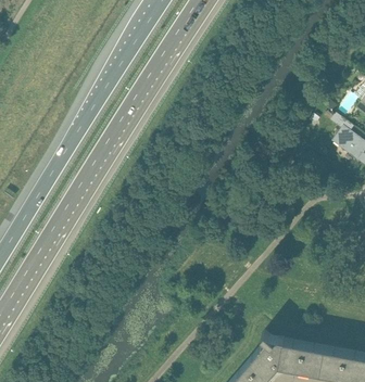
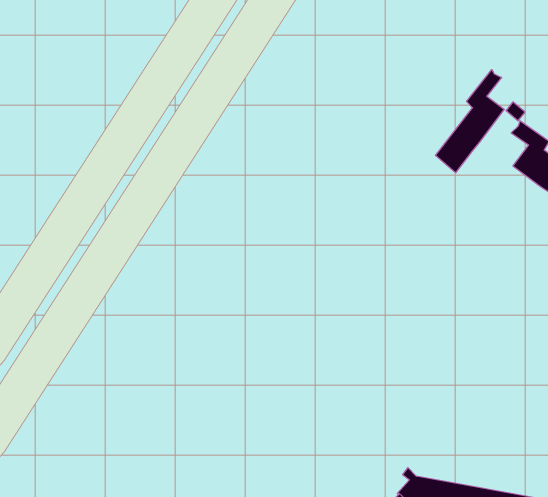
building: none -> [436,70,504,173]

